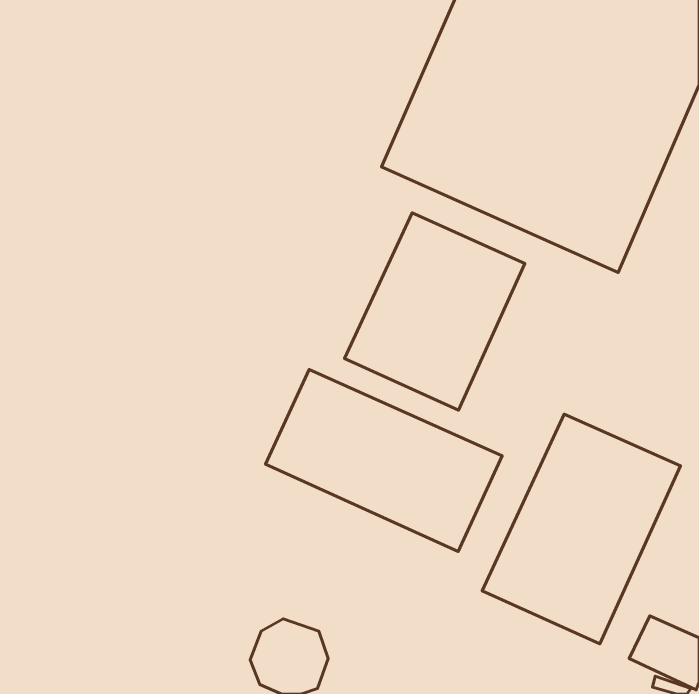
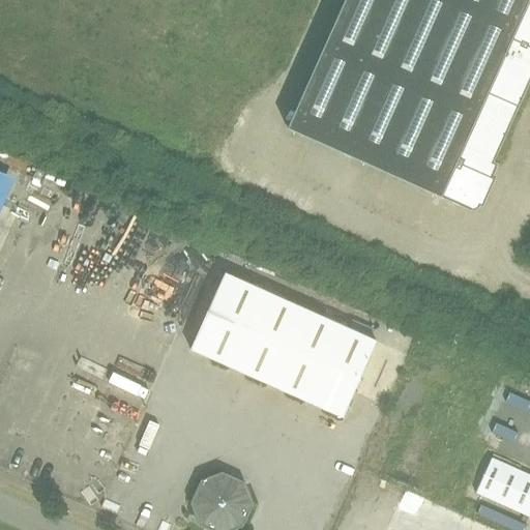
building: [344,213,525,410] -> none
building: [482,414,680,644] -> none

